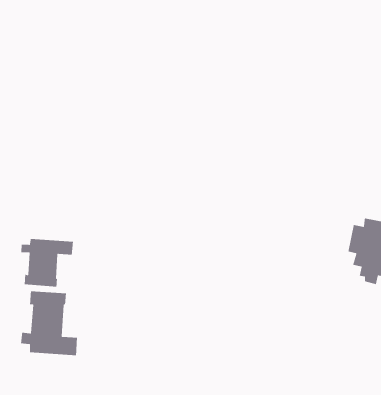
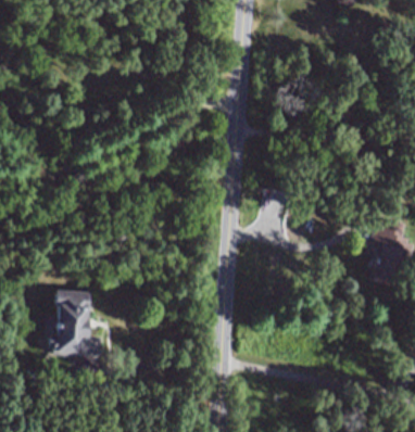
building: [20,238,74,288] -> none

